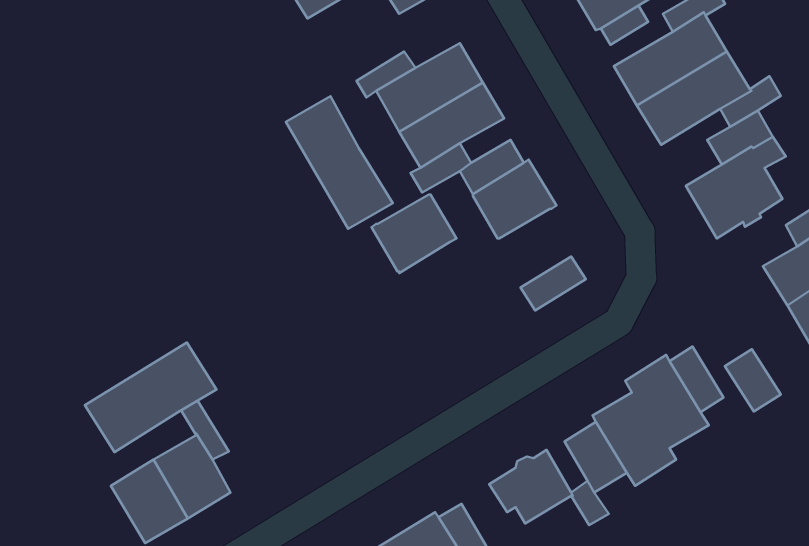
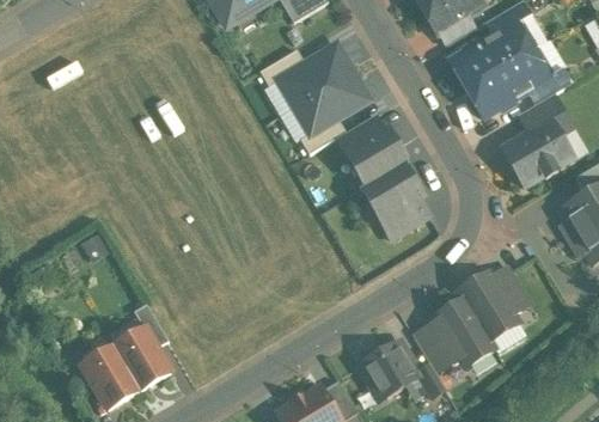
building: [286,96,393,229] -> none
building: [371,194,457,273] -> [361,164,423,221]
building: [85,342,217,452] -> none
building: [725,349,781,411] -> none

